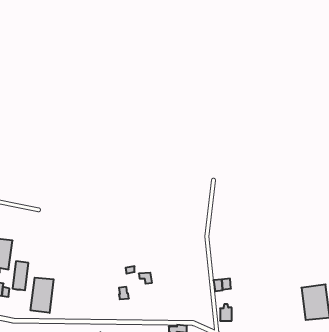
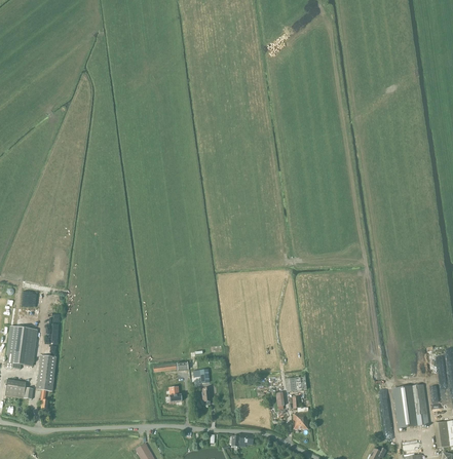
building: [31,278,54,313] -> none

